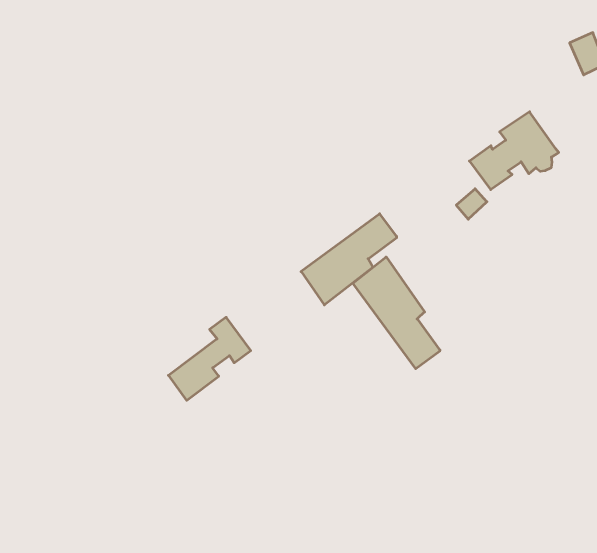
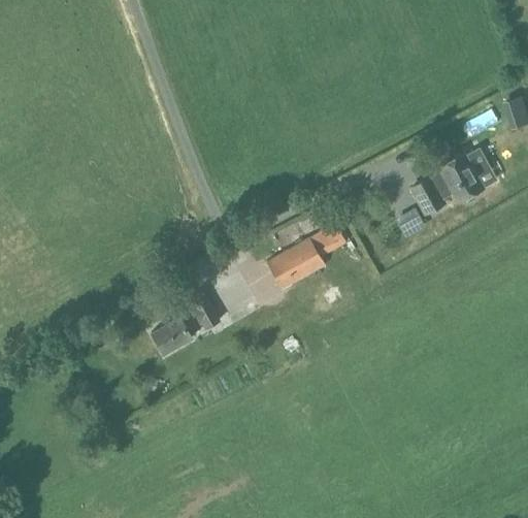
building: none -> [463,144,496,186]
building: [353,257,440,369] -> none

